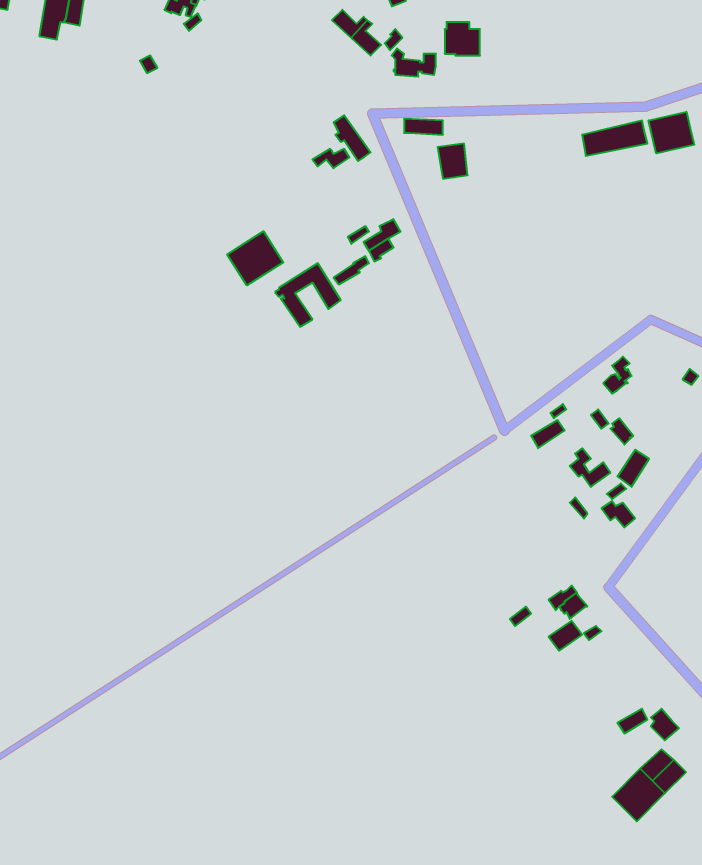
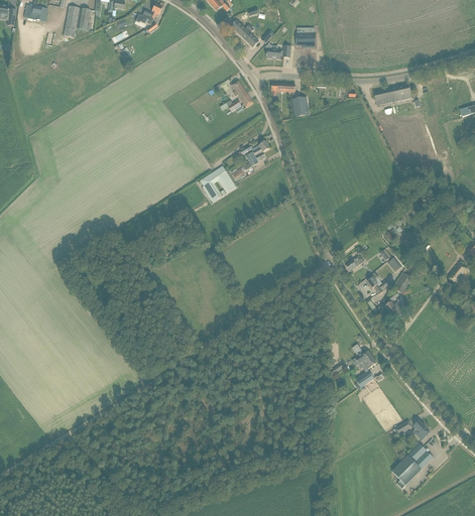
building: [649,112,694,153] -> none
building: [227,231,283,285] -> none

